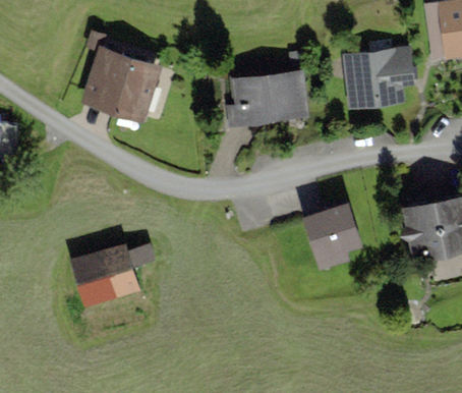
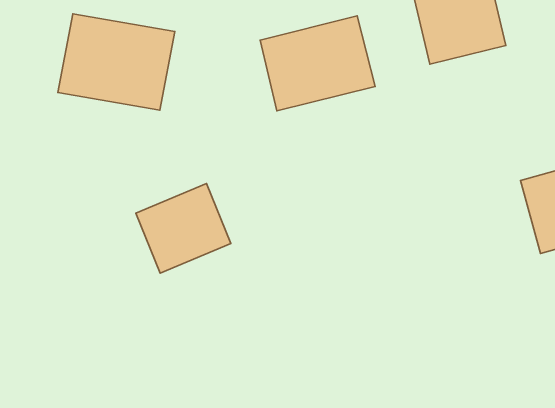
building: [302,200,361,258] -> none
building: [78,244,143,304] -> [136,184,231,273]

